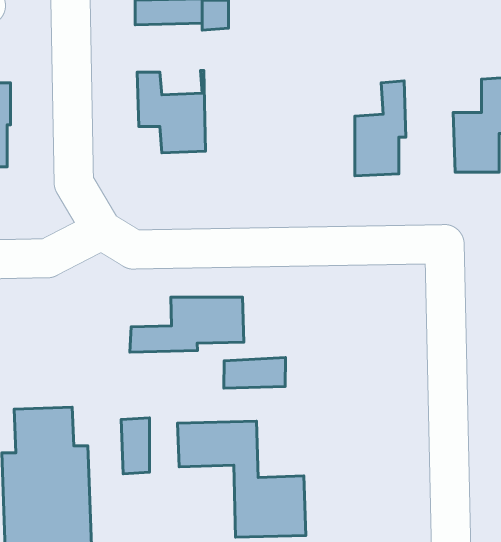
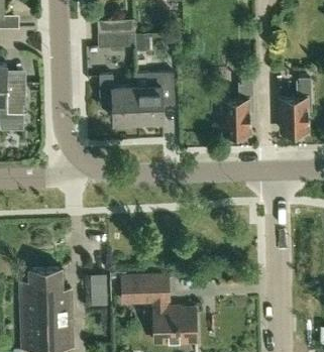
building: none -> [137,74,174,121]
building: [130,297,244,352] -> none
building: [224,357,285,388] -> none

